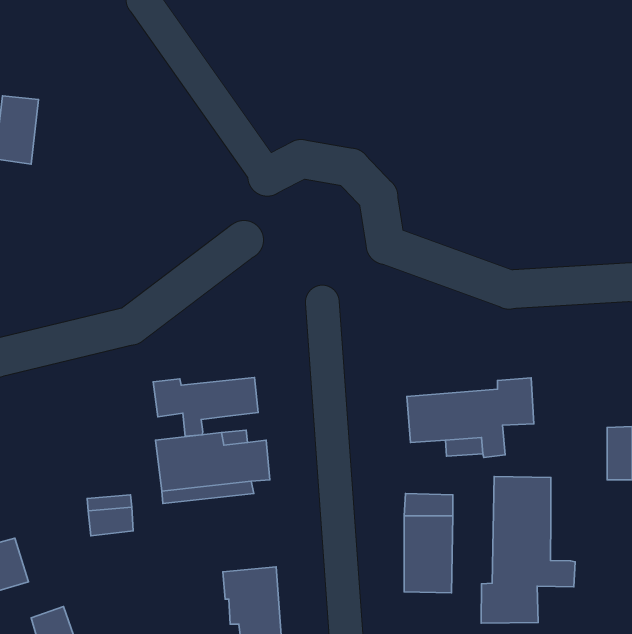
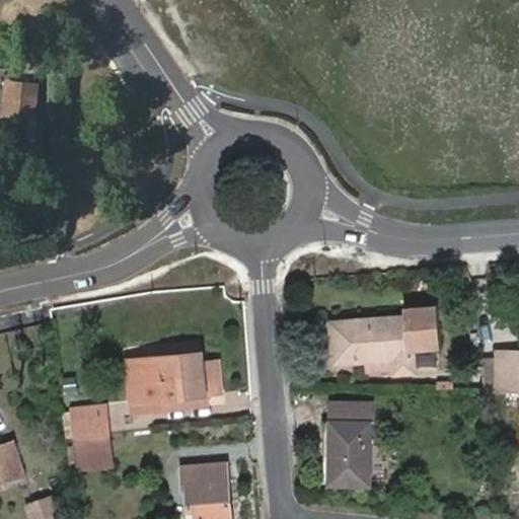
building: [153,377,258,436] -> none
building: [481,477,575,623] -> none
building: none -> [74,434,112,468]

